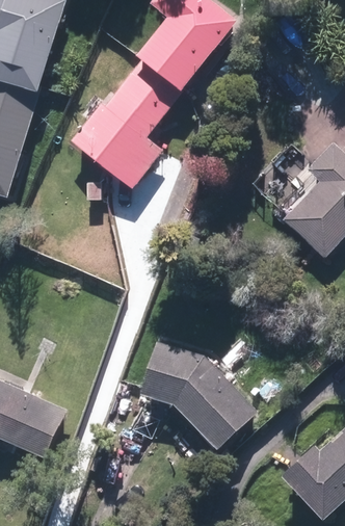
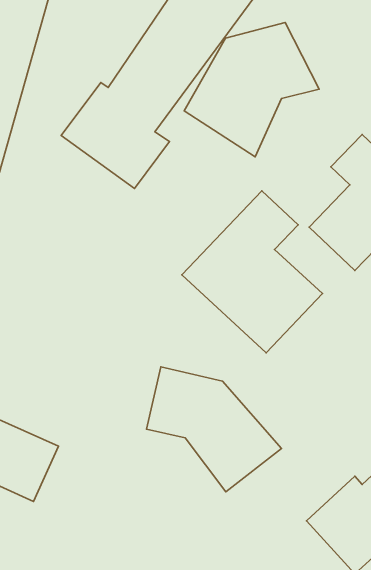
building: none -> [184,22,319,157]
building: none -> [182,191,322,353]

